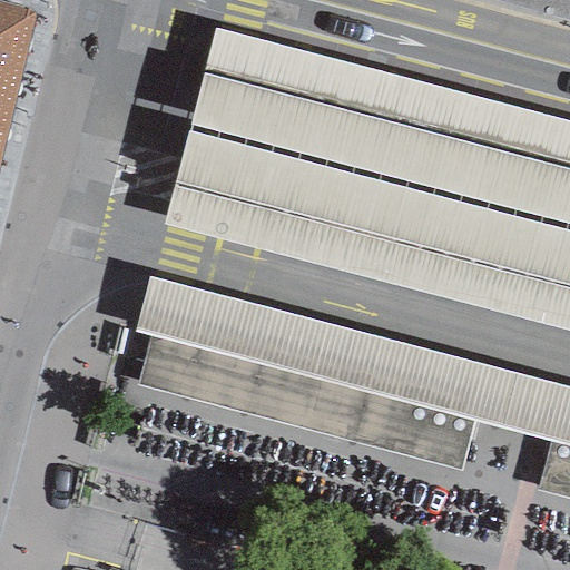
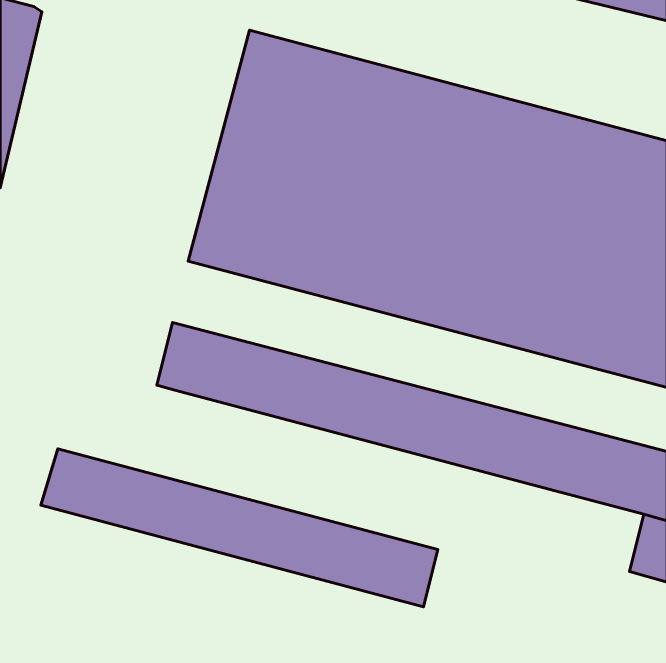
building: [136,333,474,468] -> [41,449,438,607]

